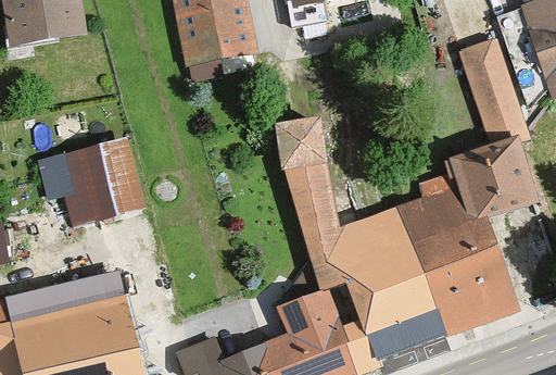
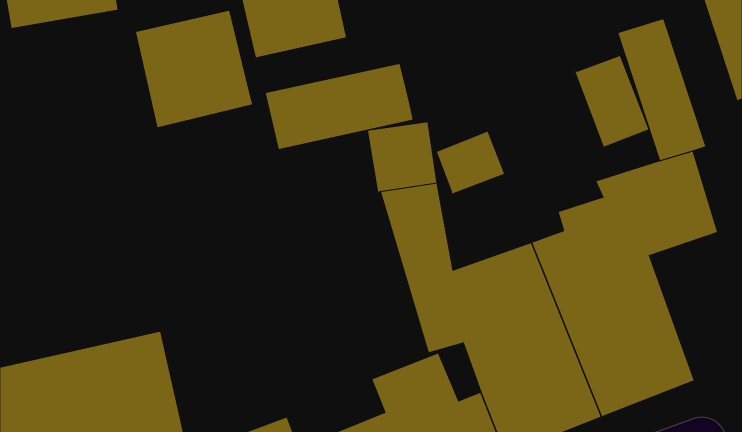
building: none -> [575,55,649,148]
building: none -> [265,63,413,150]
building: none -> [436,131,505,194]
building: [54,140,142,228] -> [135,10,253,128]

